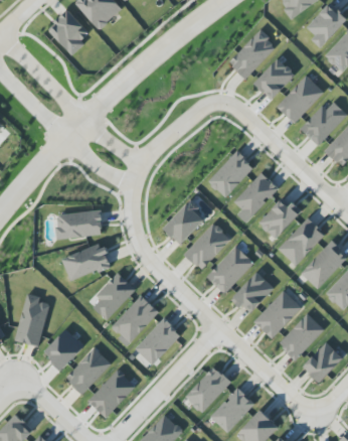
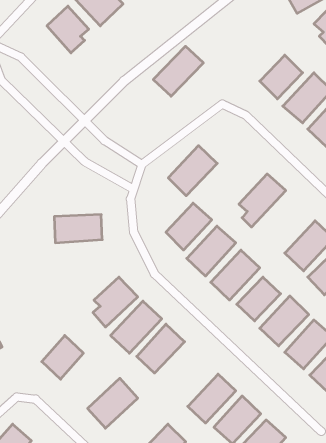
building: [228,30,277,79] -> [153,46,203,96]
building: [207,150,254,198] -> [168,146,217,196]
building: [258,199,301,240] -> none
building: [60,243,111,282] -> none
building: [15,293,48,346] -> none
building: [64,347,111,395] -> none

